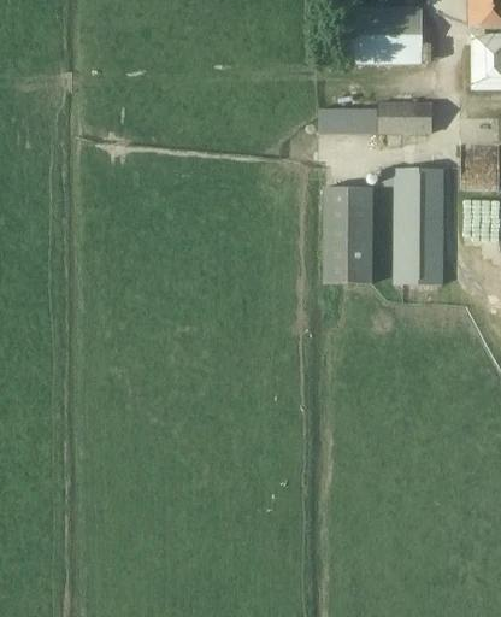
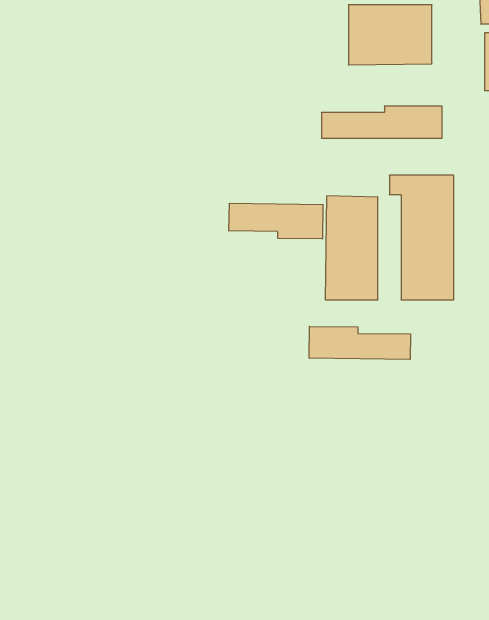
building: none -> [229,203,323,239]
building: none -> [309,326,410,359]

